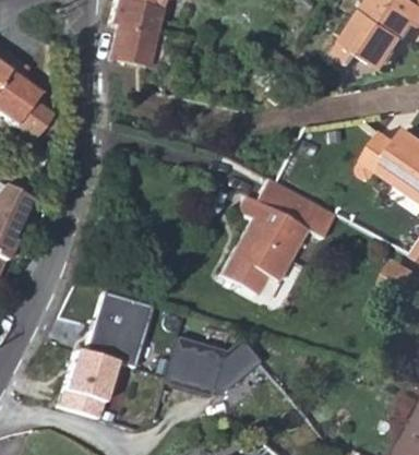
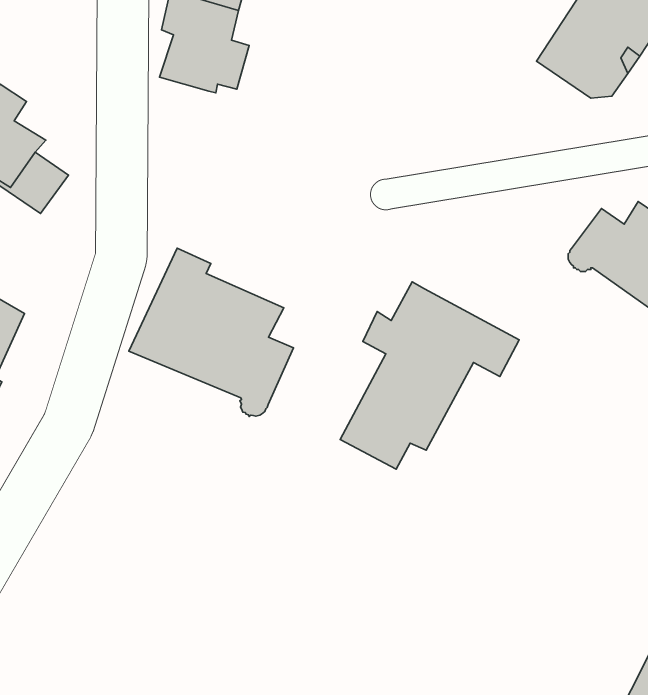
building: none -> [129,248,293,416]
building: [57,296,148,411] -> none
building: [165,338,260,397] -> none

